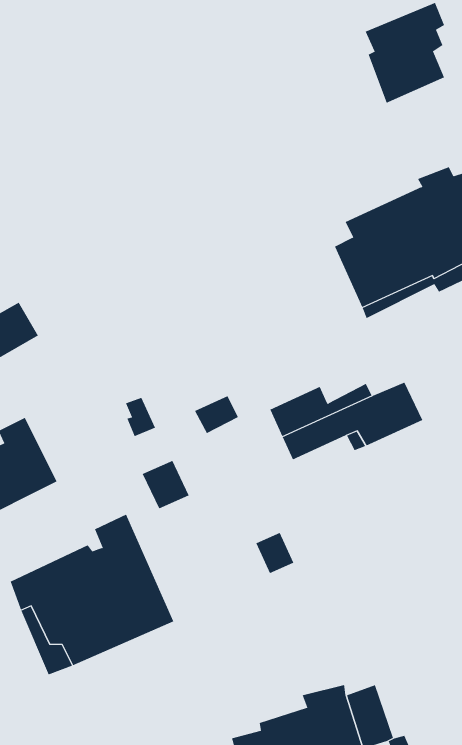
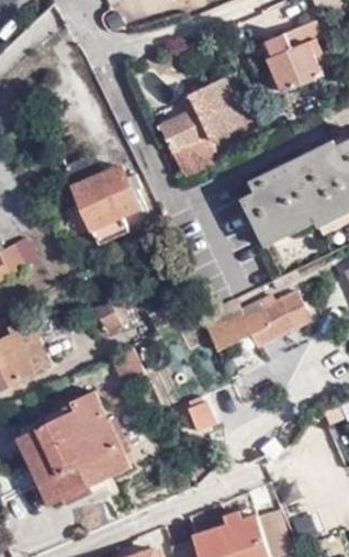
building: none -> [159,79,244,181]
building: none -> [60,154,138,243]

